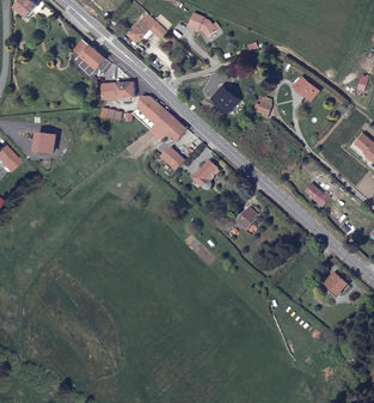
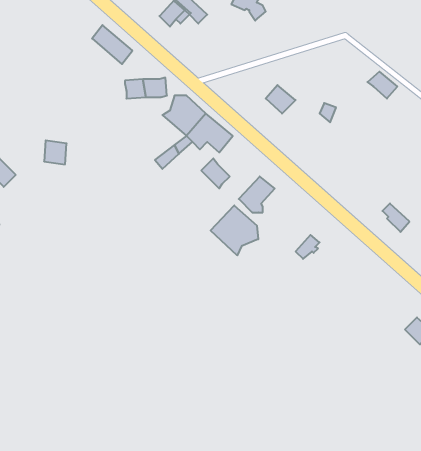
building: none -> [211,205,258,255]

